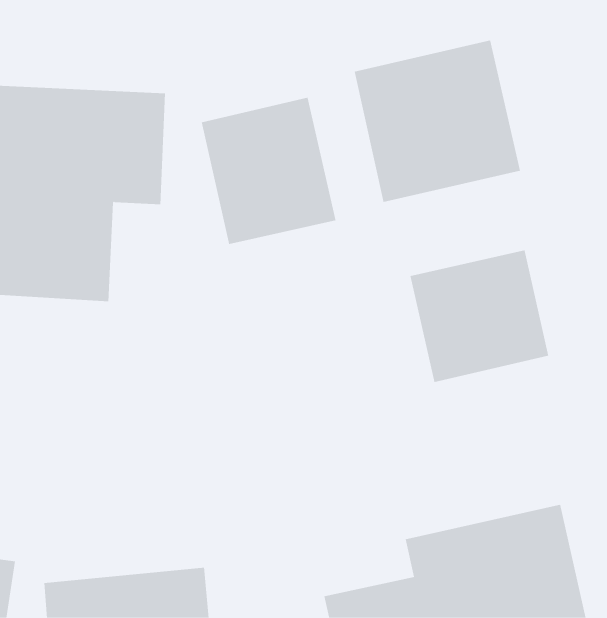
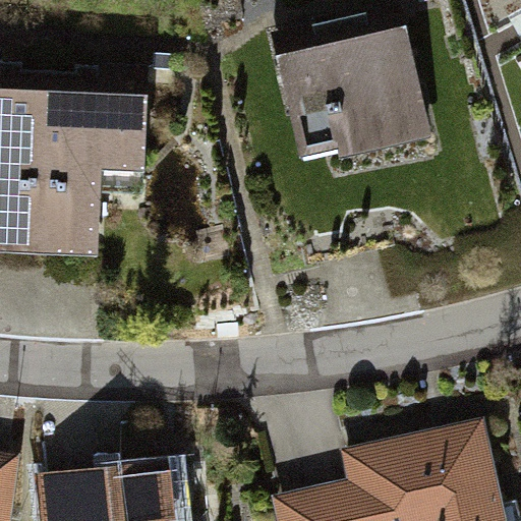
building: [201,97,336,245] -> none
building: [410,250,549,383] -> none

